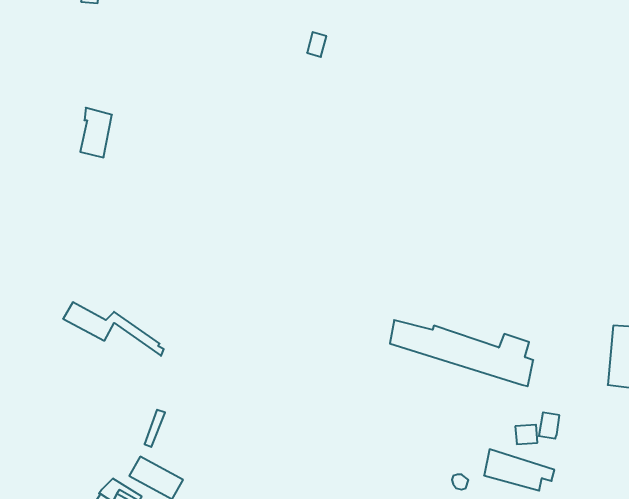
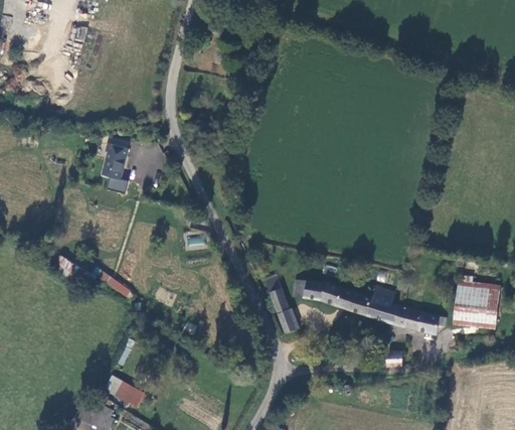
building: [80,108,112,157] -> [103,142,126,178]
building: none -> [270,287,300,338]
building: [484,449,554,491] -> [395,304,447,334]

